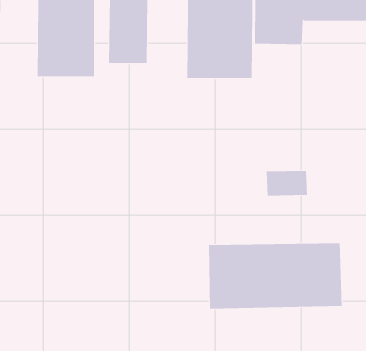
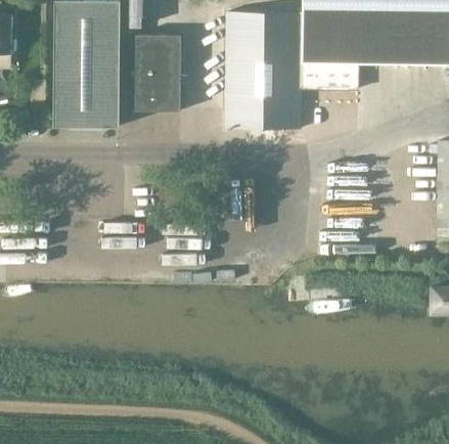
building: [209,243,342,310] -> none

